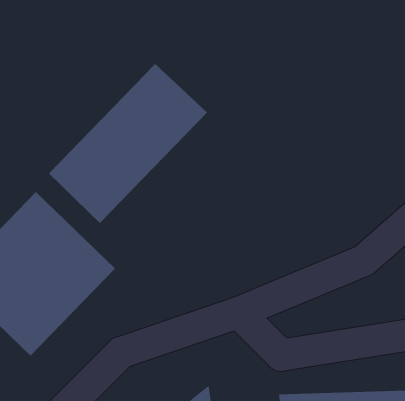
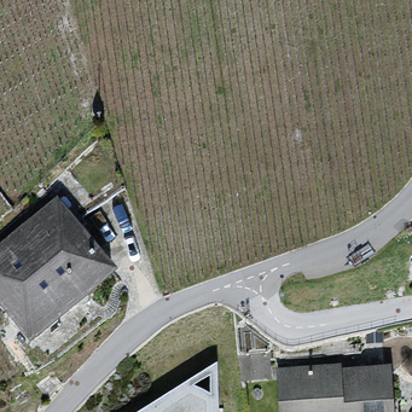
building: [48,63,208,224] -> none

